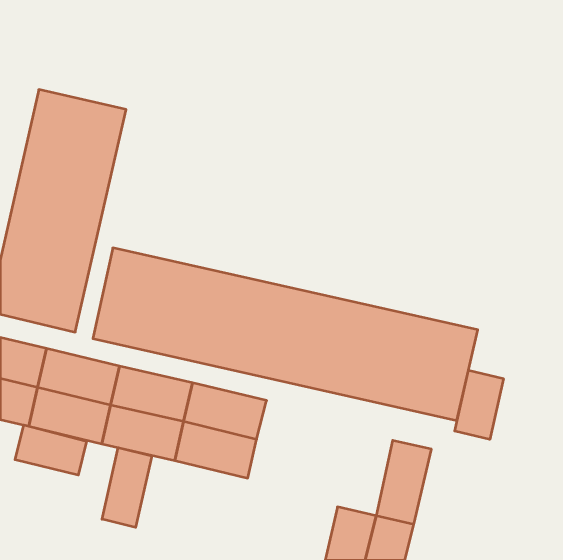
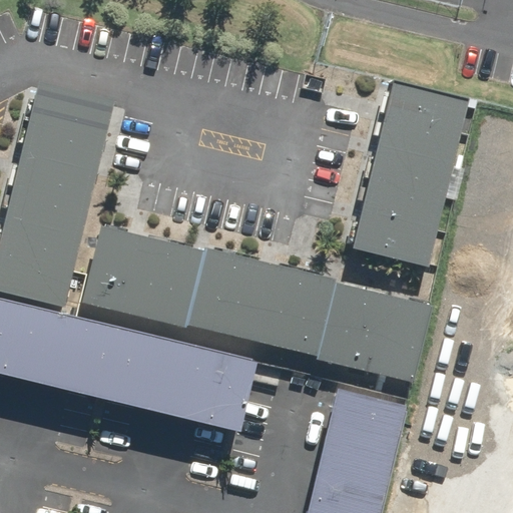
building: none -> [348,79,473,265]
building: [455,370,503,439] -> none
building: [15,425,86,475] -> none
building: none -> [308,391,358,467]
building: [102,448,152,527] -> none

